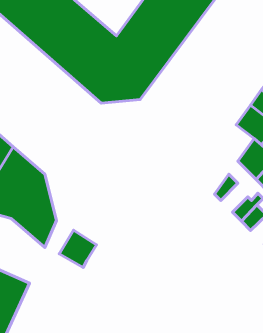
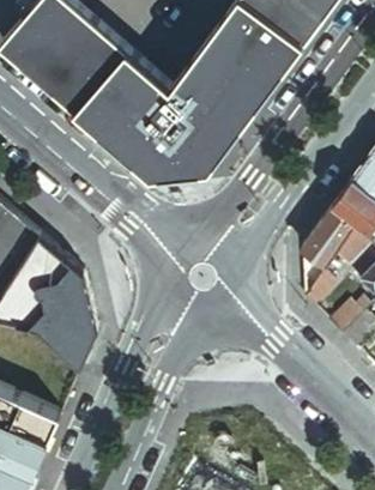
building: none -> [302,205,357,264]
building: [59,230,97,268] -> none

